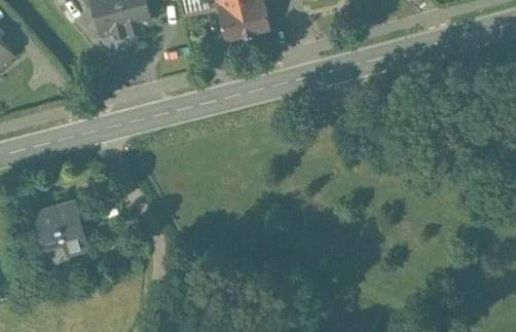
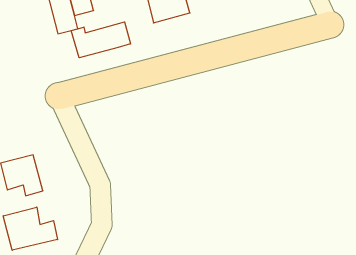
building: none -> [71,22,131,58]
building: none -> [3,207,58,250]

